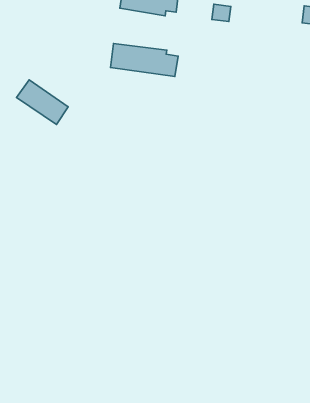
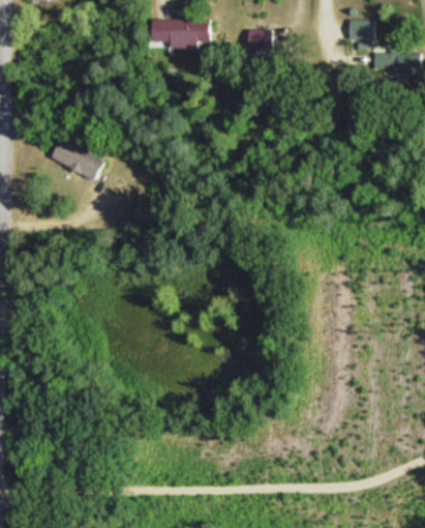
building: [111,44,178,77] -> none

